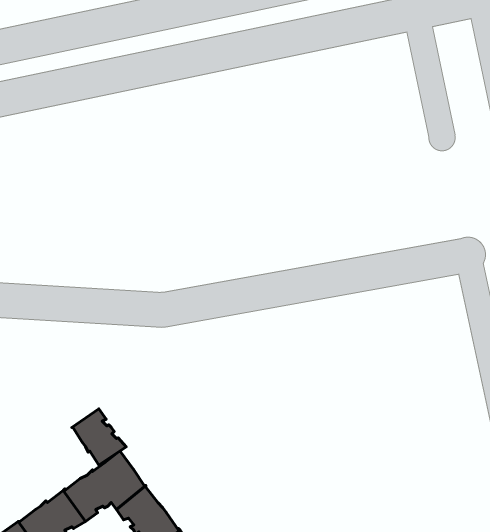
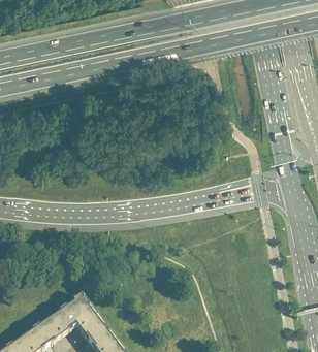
building: [72,409,126,465] -> none

